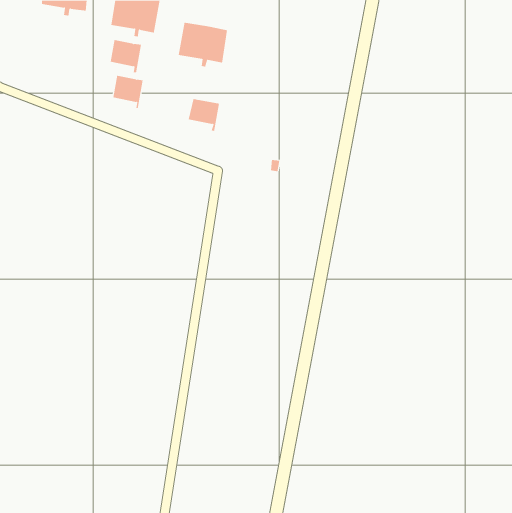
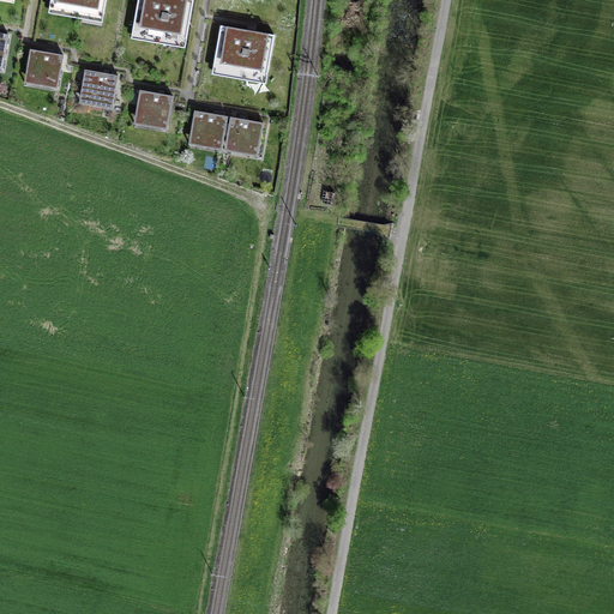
building: [110,40,142,73] -> [79,70,118,109]
building: none -> [24,50,62,89]
building: none -> [188,112,227,150]

